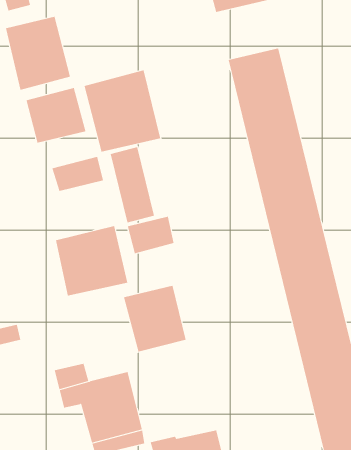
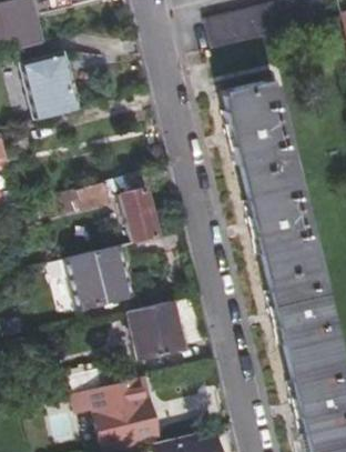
building: [84,70,161,153] -> none
building: [26,87,86,144] -> none
building: [127,216,174,254] -> none

